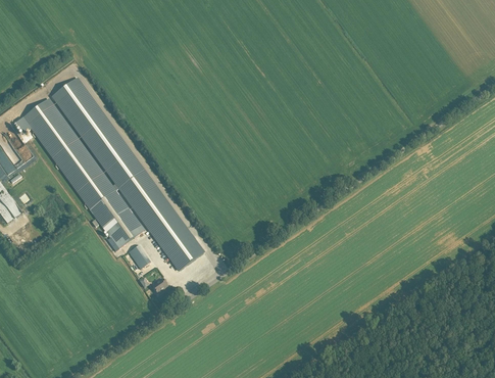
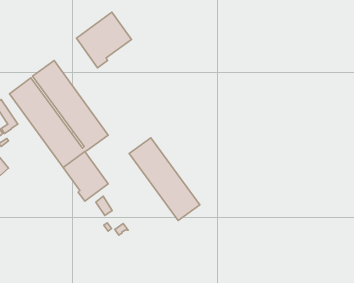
building: none -> [77,12,131,68]
building: [117,169,204,271] -> [129,138,200,220]

